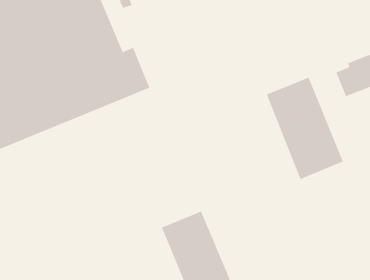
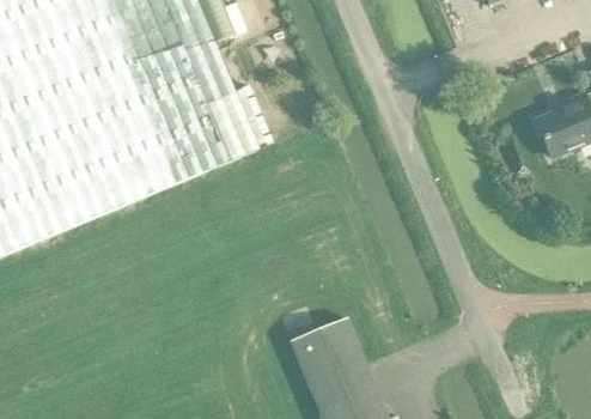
building: [266,77,344,180] -> none

